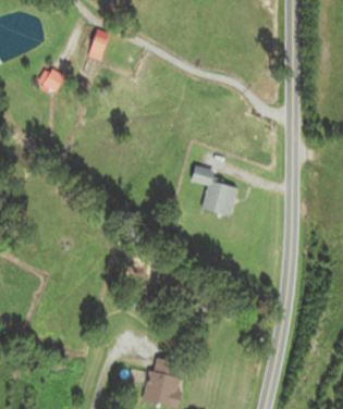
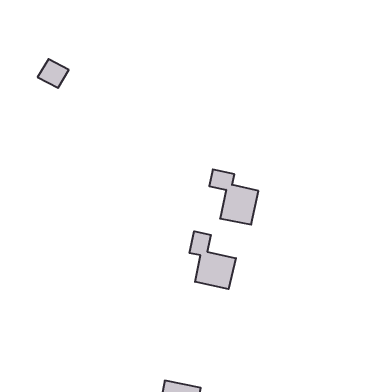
building: none -> [190,231,236,289]

